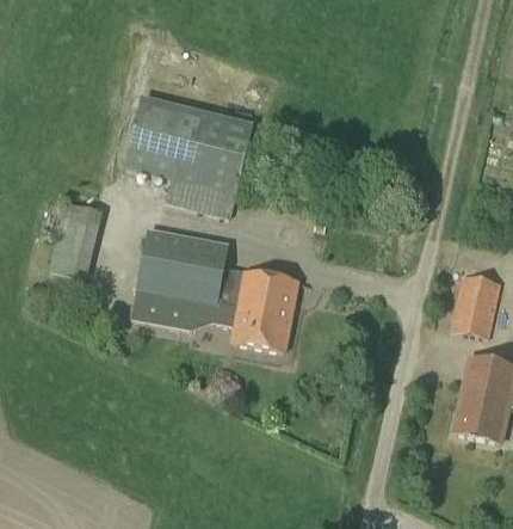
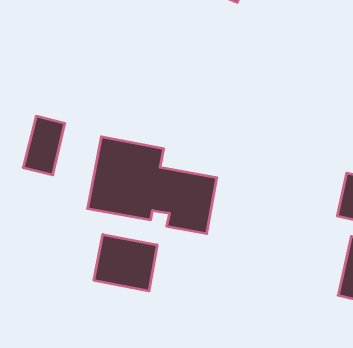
building: [125,97,253,217] -> none
building: none -> [94,234,157,291]

